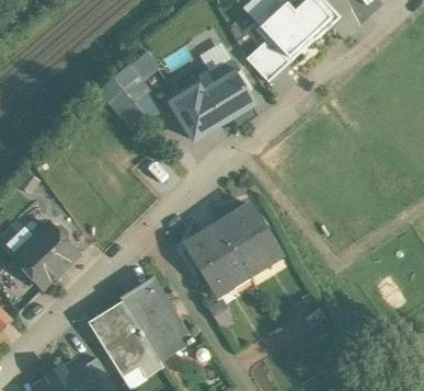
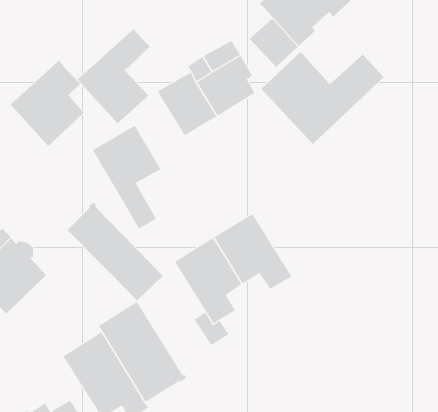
building: none -> [260,51,384,145]
building: none -> [10,59,84,147]
building: none -> [92,125,161,229]
building: none -> [67,202,163,302]

